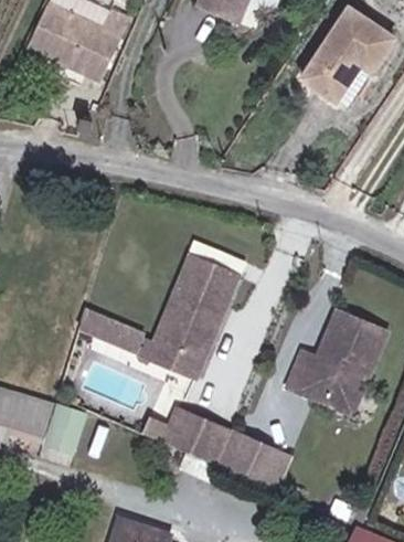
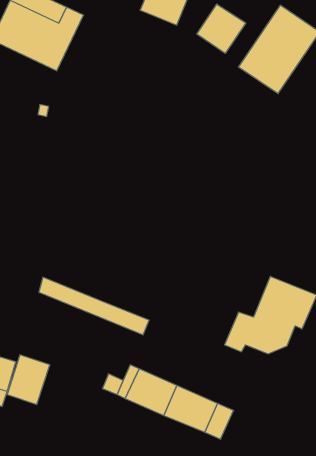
building: none -> [197,4,246,53]
building: [155,257,235,359] -> none
building: [305,365,372,414] -> none

